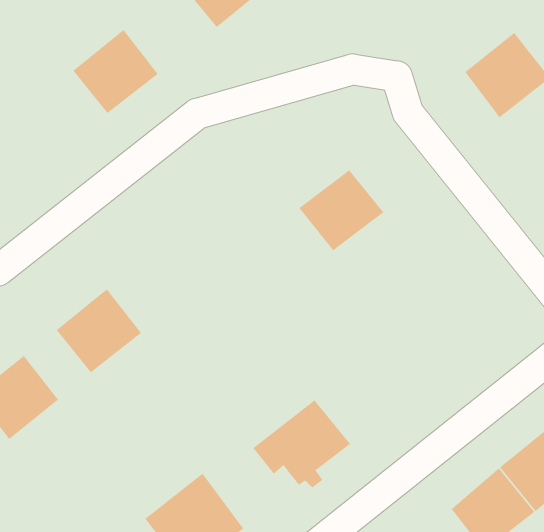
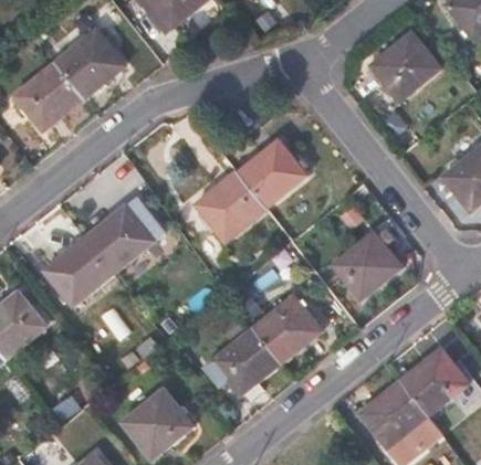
building: none -> [17,64,86,131]
building: none -> [196,171,268,242]
building: none -> [86,205,155,273]
building: none -> [332,231,401,298]
building: none -> [252,295,321,361]

